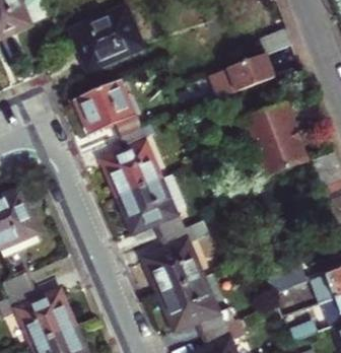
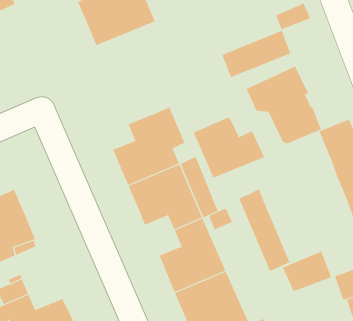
building: [78,79,148,140] -> none
building: none -> [193,117,265,179]
building: none -> [238,188,290,272]

